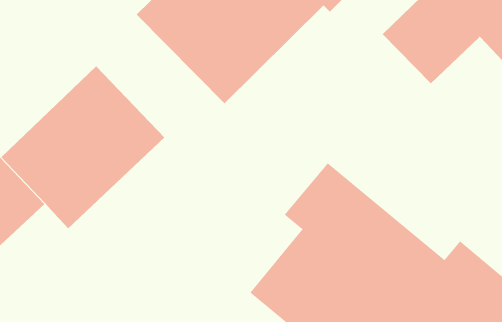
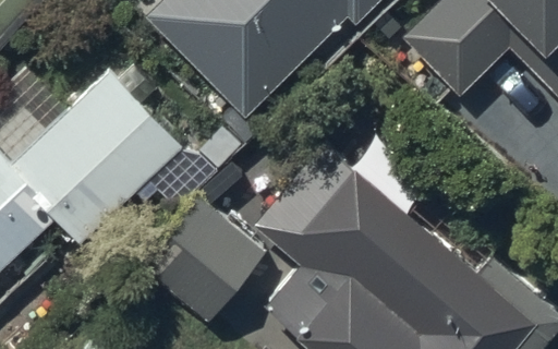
building: none -> [146,202,265,321]

